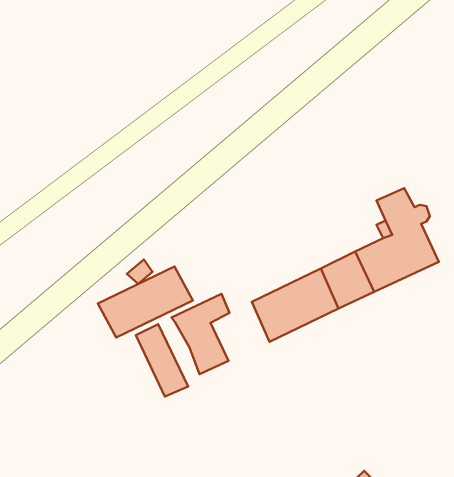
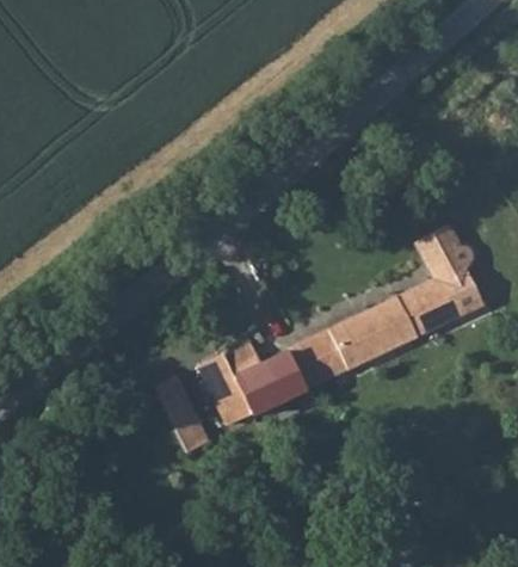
building: [98,266,193,337] -> none
building: none -> [236,350,300,413]

